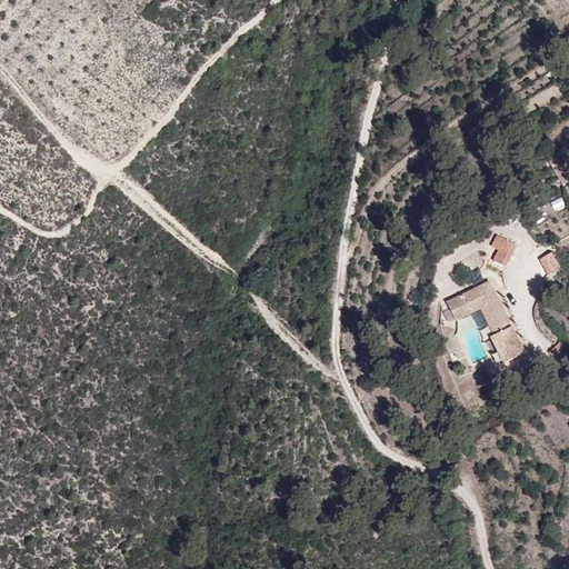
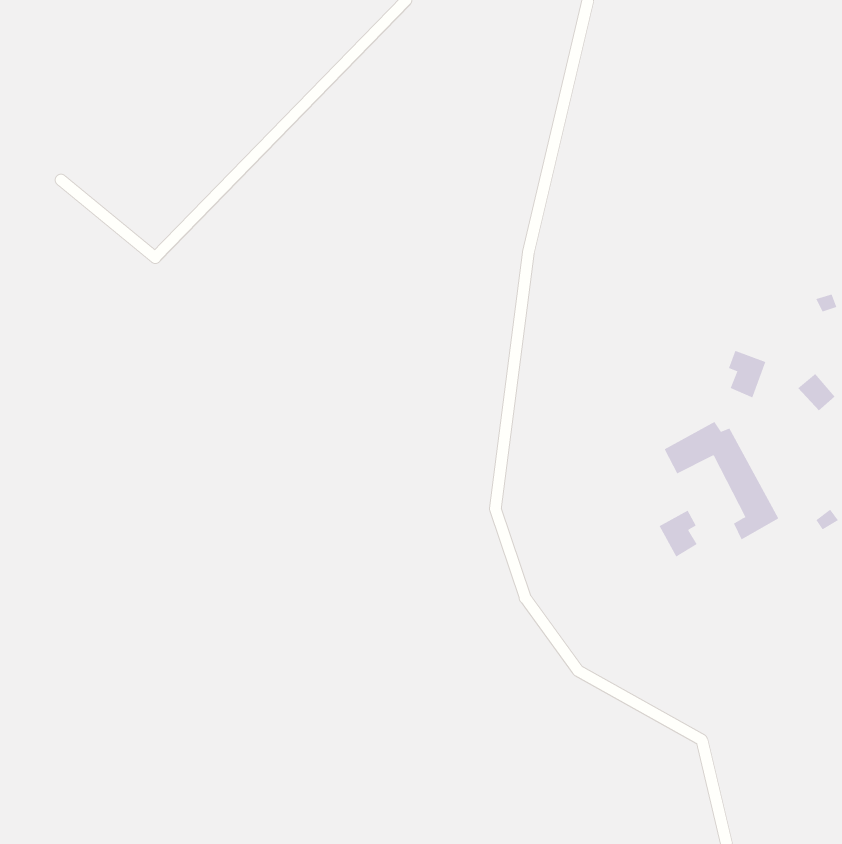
building: none -> [659,510,697,558]

